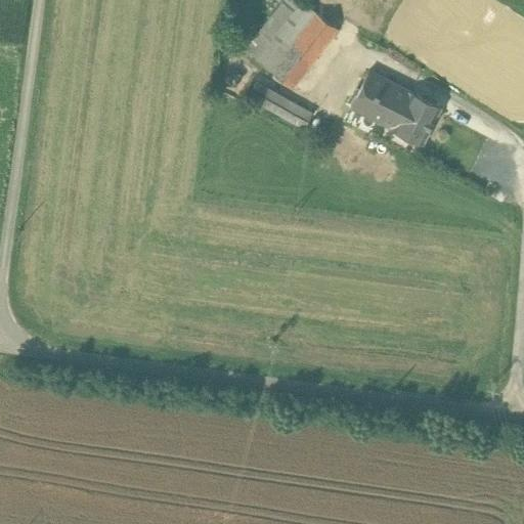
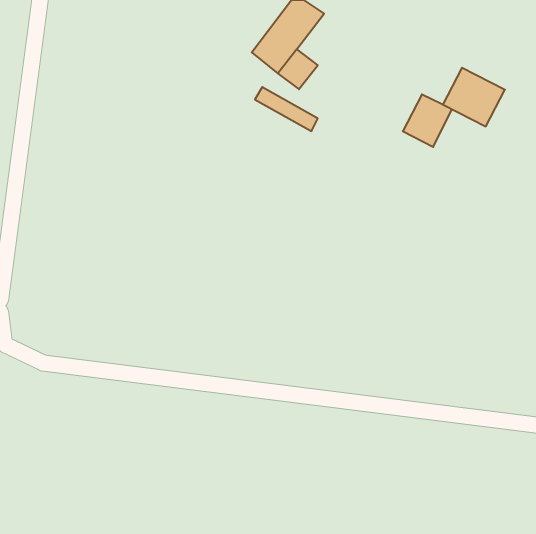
building: [290,15,338,66] -> none
building: [351,73,411,130] -> [443,68,505,126]

